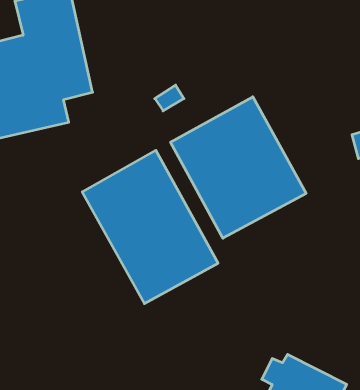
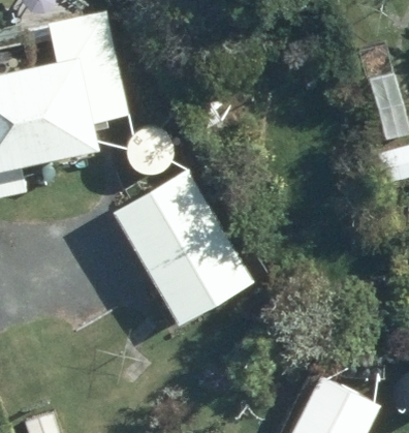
building: [171,97,306,238] -> none

